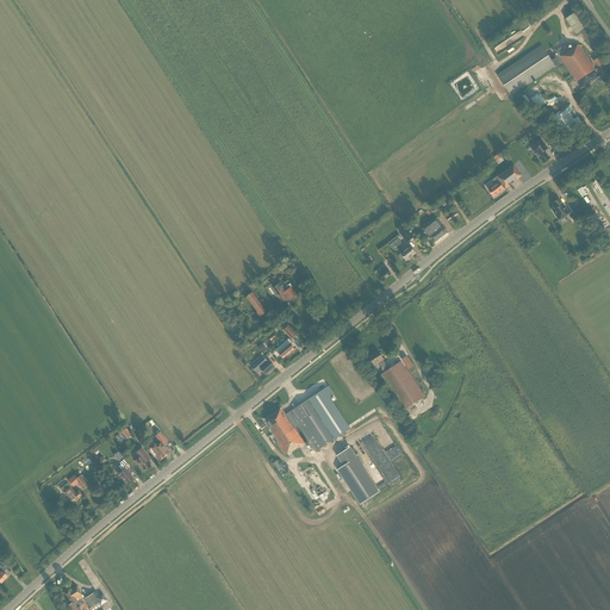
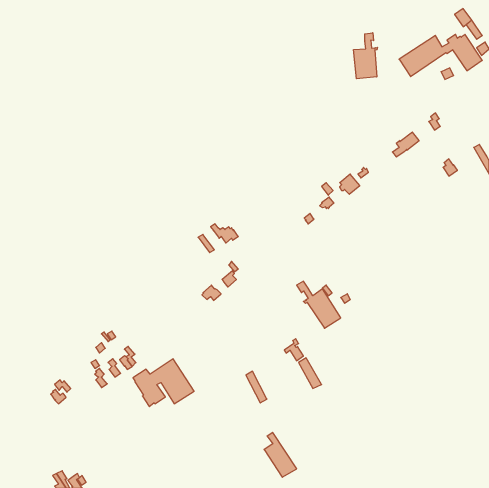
building: none -> [354,33,377,79]
building: [264,394,341,454] -> [133,359,194,407]
building: [338,447,379,503] -> [264,432,297,477]

